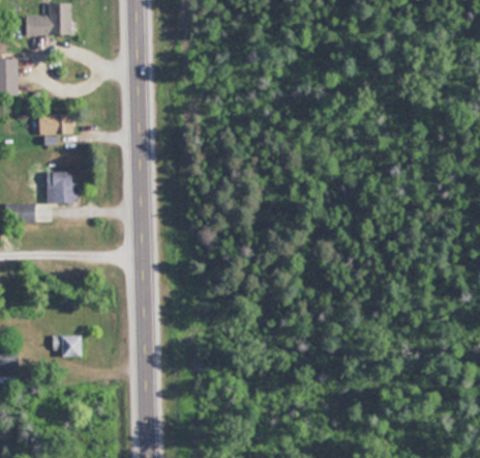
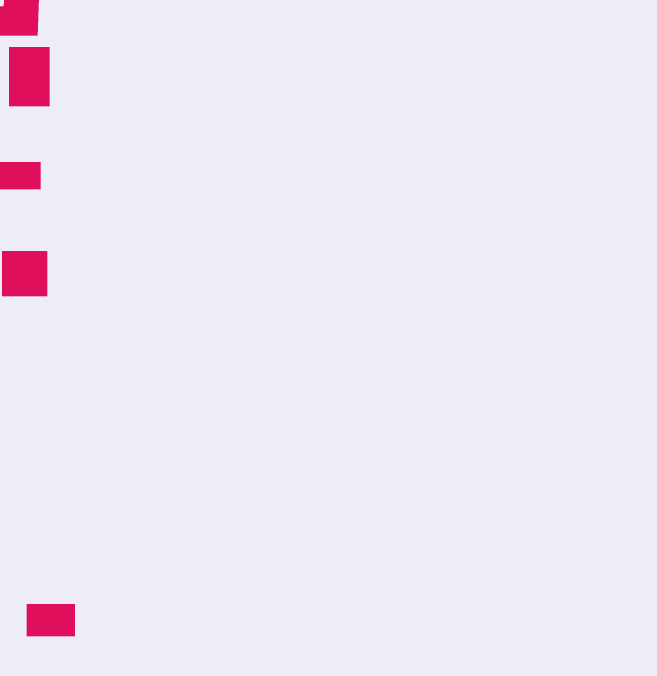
building: none -> [8,46,50,107]
building: [52,336,84,357] -> [26,603,76,637]

